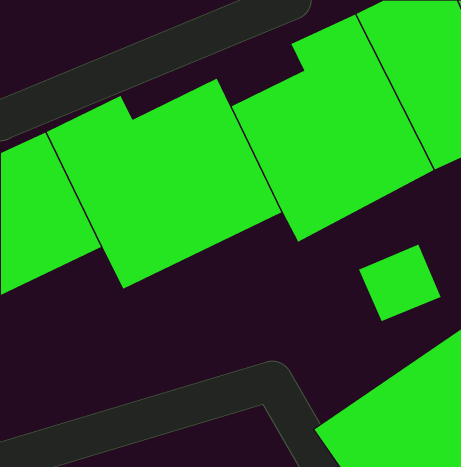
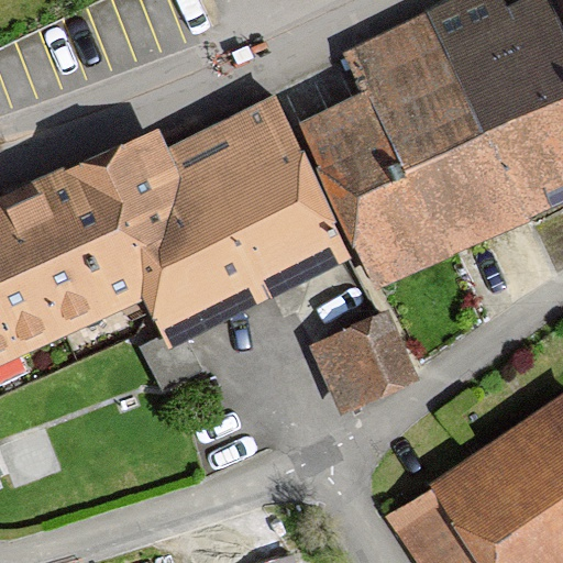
building: [358,244,442,322] -> [311,318,411,411]

